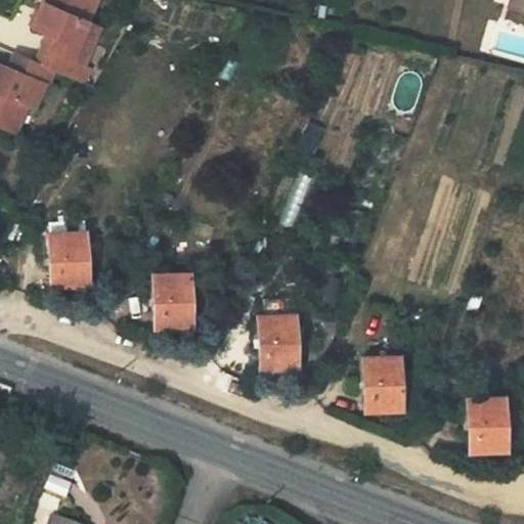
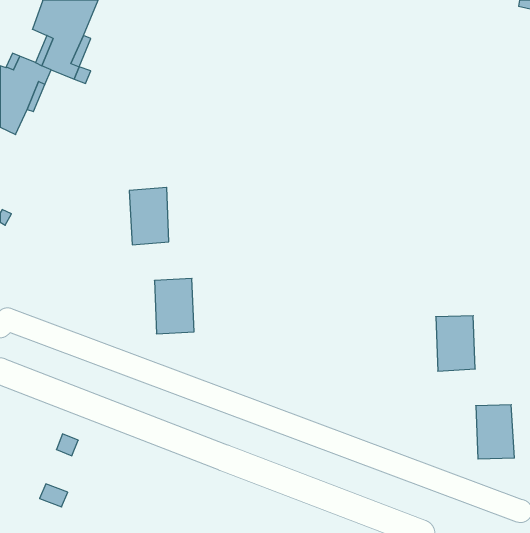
building: [50,231,89,288] -> [129,187,169,245]
building: [260,315,299,368] -> none
building: [364,356,403,410] -> [436,316,475,371]

